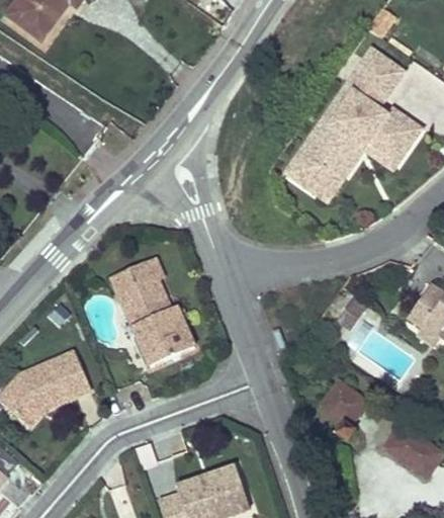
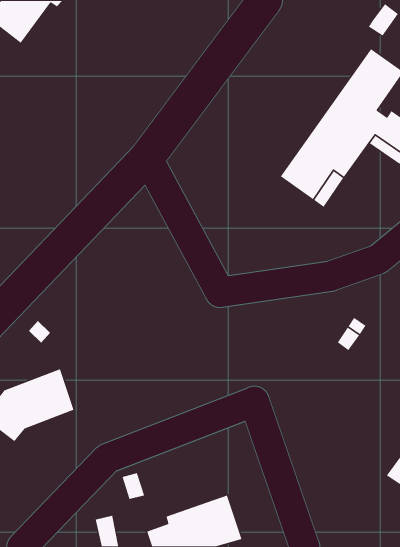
building: [119,264,197,367] -> none
building: [321,383,367,443] -> none

